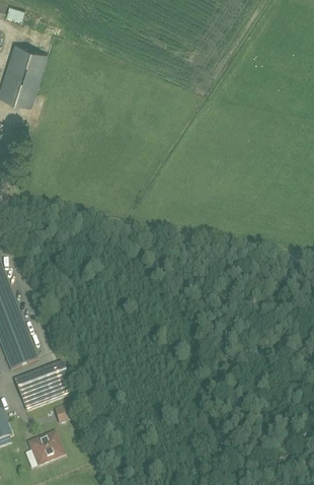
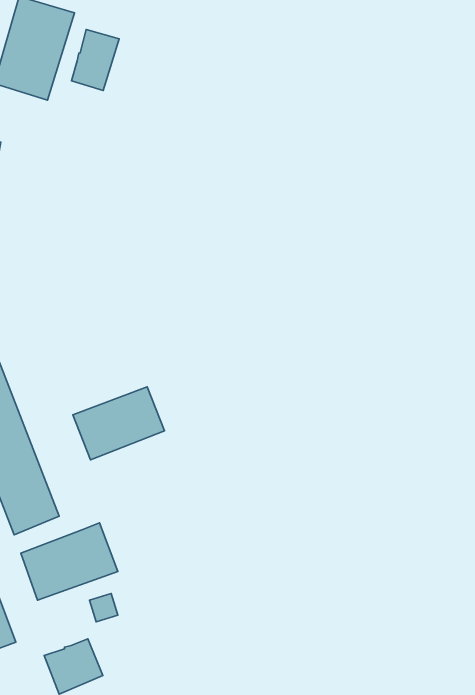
building: none -> [71,29,119,90]
building: none -> [73,387,165,460]

